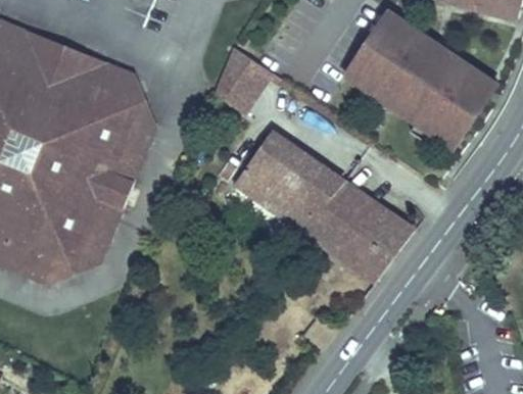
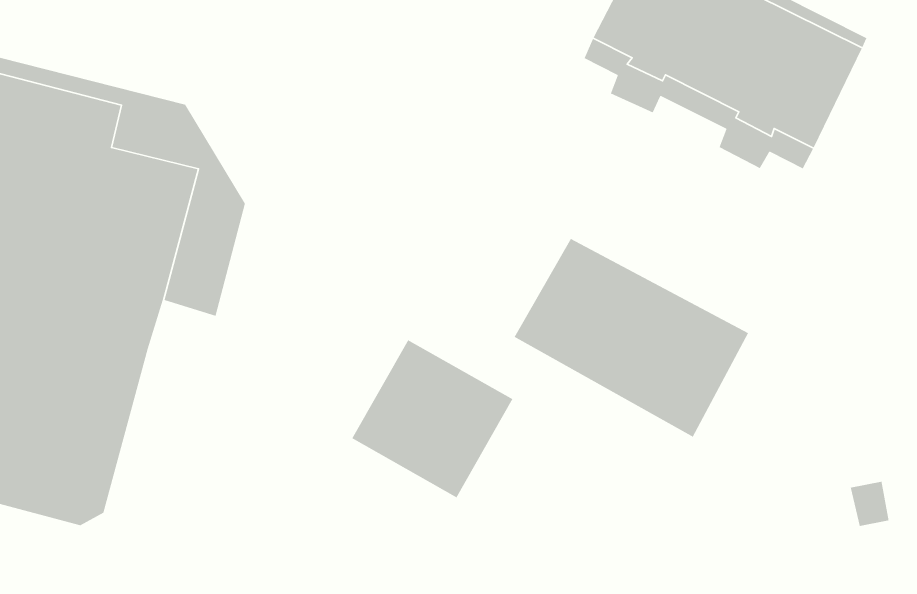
building: [212,48,276,114] -> none
building: [236,129,324,215] -> [351,339,514,498]
building: [60,196,123,279] -> none

